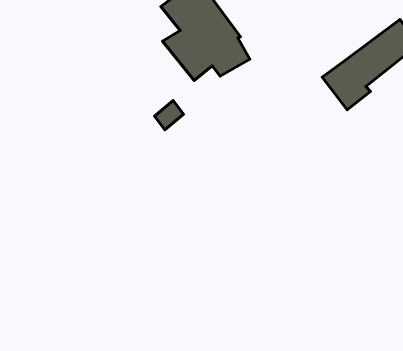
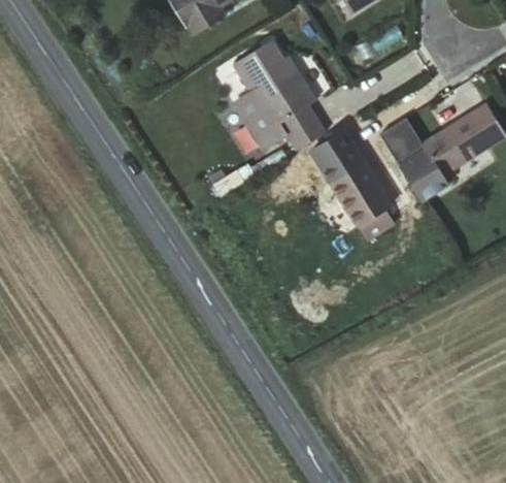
building: none -> [380,117,423,160]
building: none -> [315,130,397,240]

